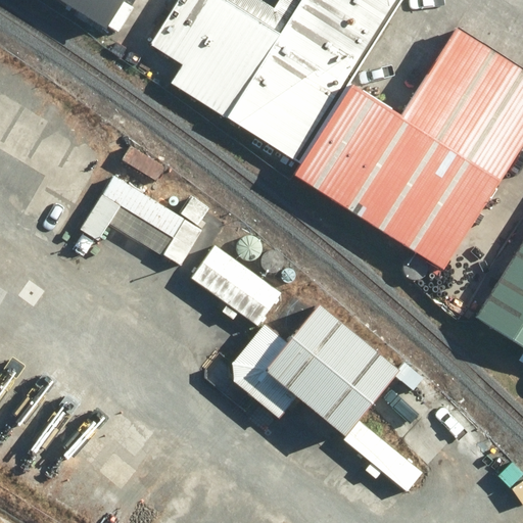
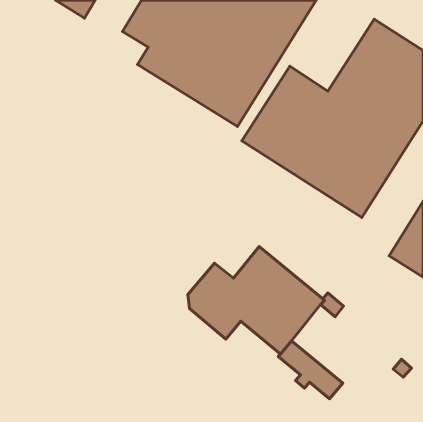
building: [81,176,203,267] -> none
building: [192,245,281,325] -> none

